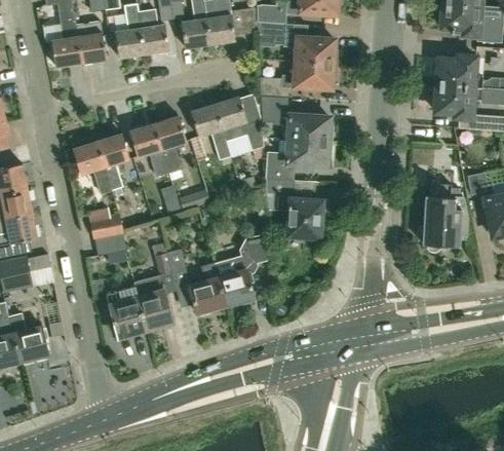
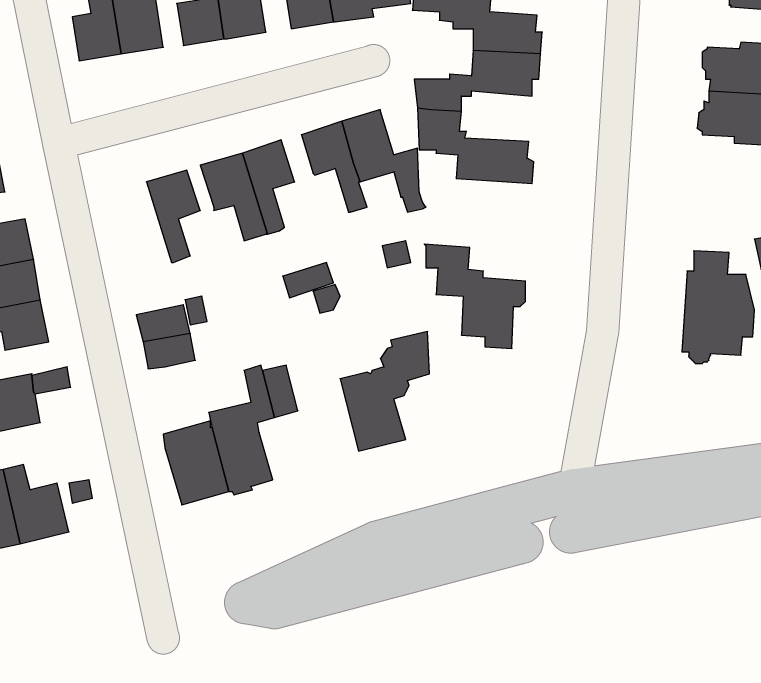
building: [266,139,332,181] -> none
building: [72,140,112,193] -> none
building: [189,261,226,313] -> none

